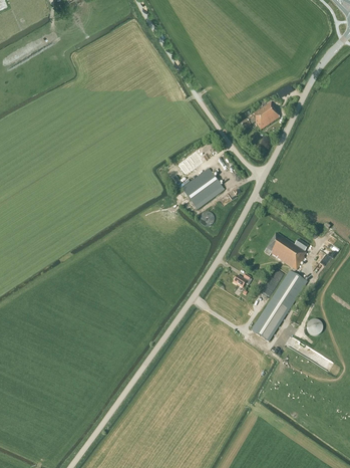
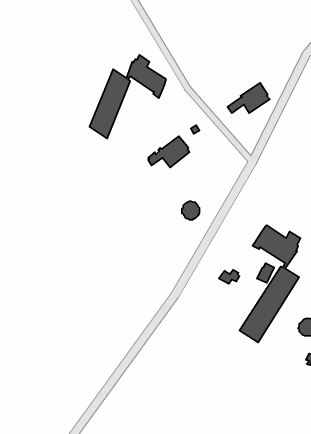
building: none -> [89,55,166,138]
building: [182,168,224,208] -> none

